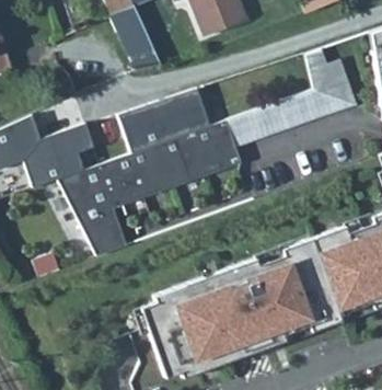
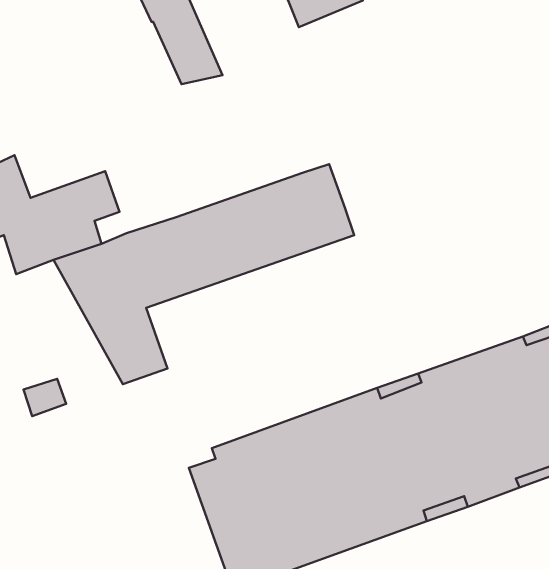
building: [225,47,356,147] -> none
building: [118,88,209,152] -> none

